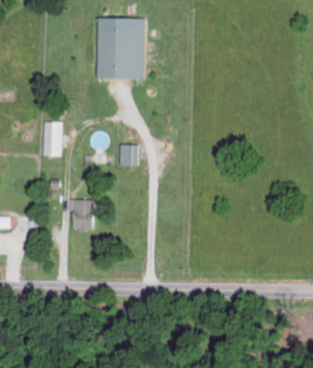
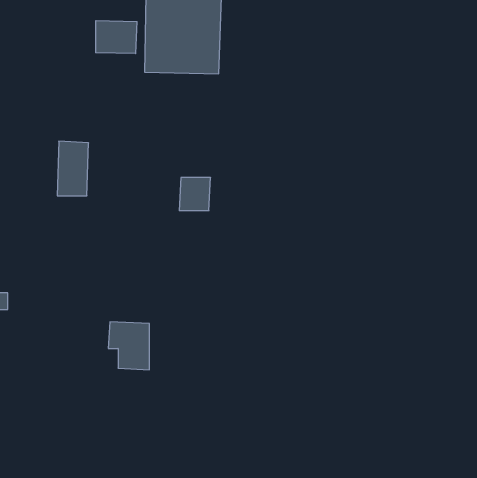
building: none -> [96,21,137,54]
building: [67,199,93,229] -> [108,322,149,370]

